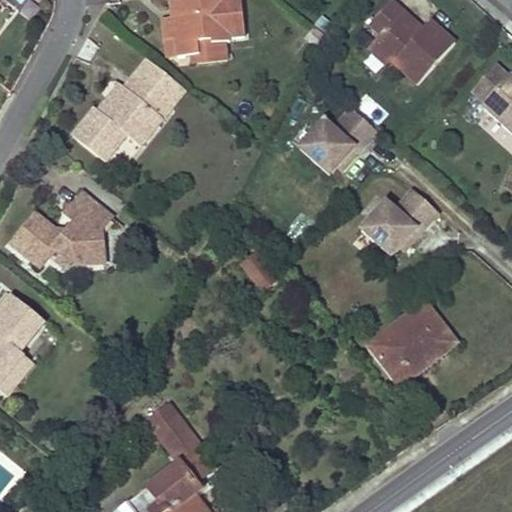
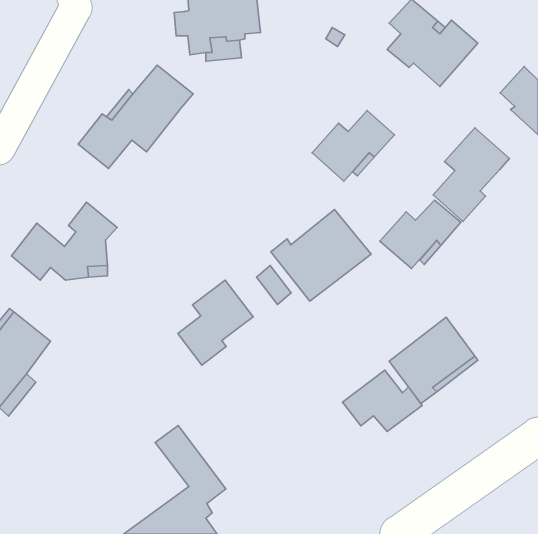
building: none -> [433,128,509,222]
building: none -> [271,210,371,301]
building: none -> [178,280,253,365]
building: none -> [343,370,422,432]

